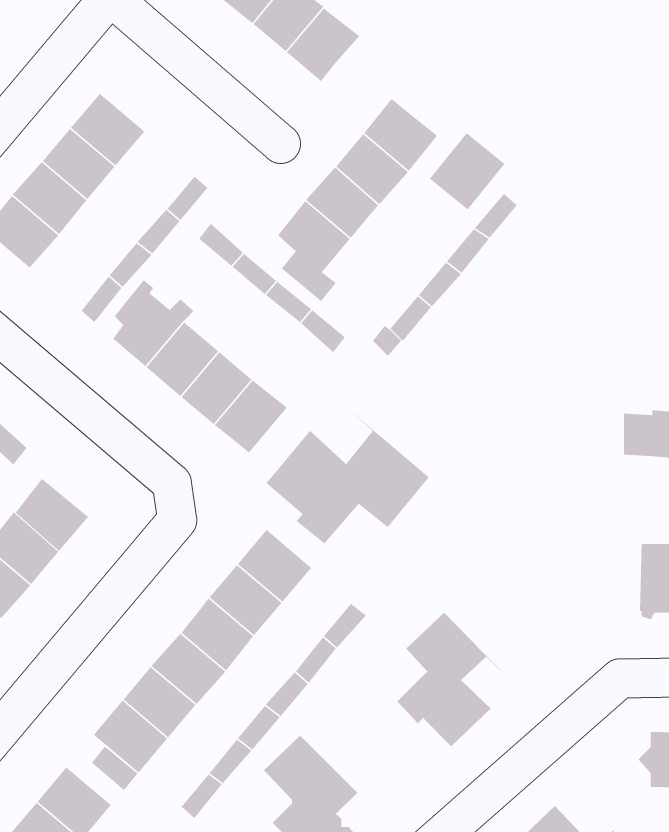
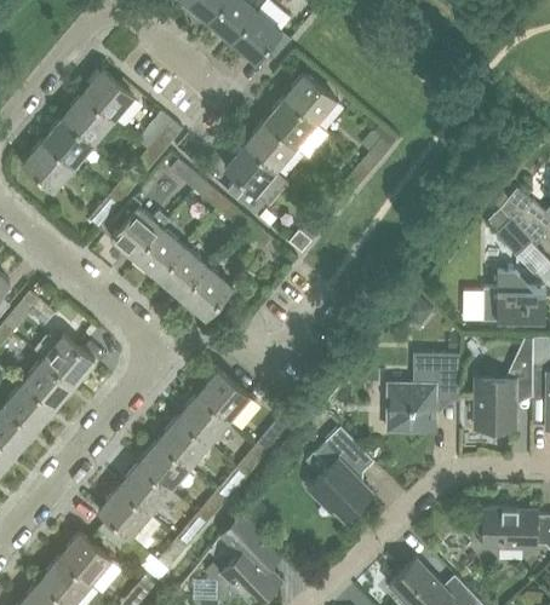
building: [429,132,505,210] -> none
building: [266,405,430,544] -> none
building: none -> [386,355,459,440]

